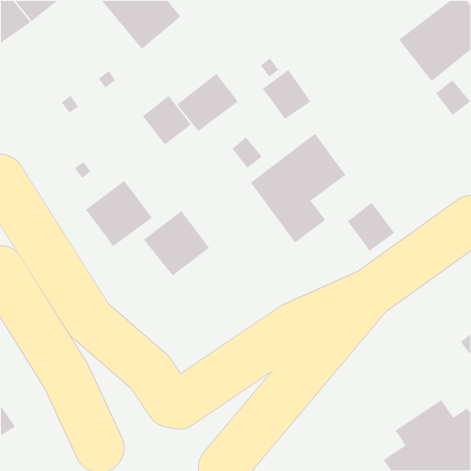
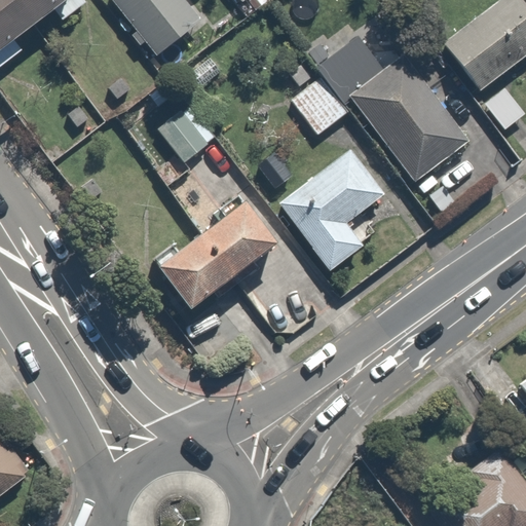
building: none -> [316,34,465,178]
building: [176,73,239,132] -> none
building: [85,180,153,247] -> [202,201,278,276]
building: [347,202,395,252] -> none

